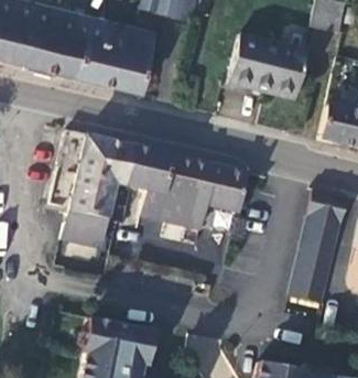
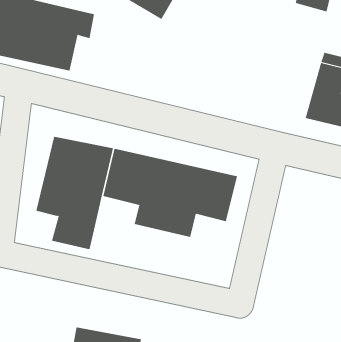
building: [84,18,160,90] -> none
building: [225,18,304,82] -> none
building: [288,193,346,309] -> none

